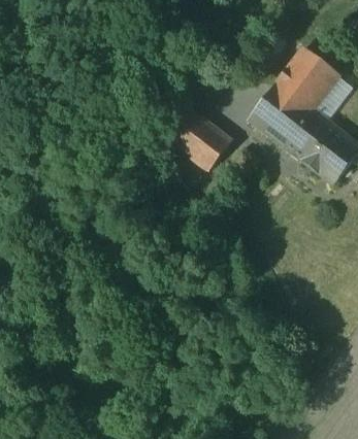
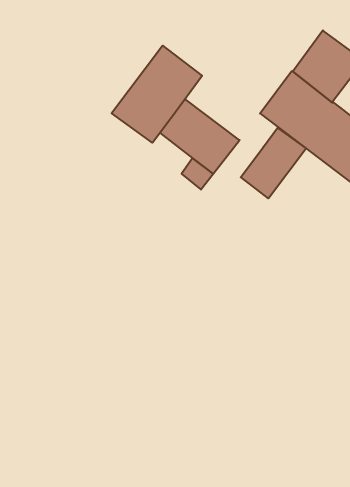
building: none -> [112,46,202,143]
building: none -> [241,128,306,198]

